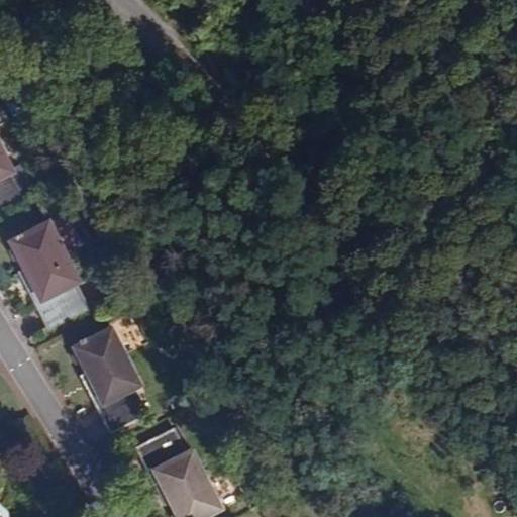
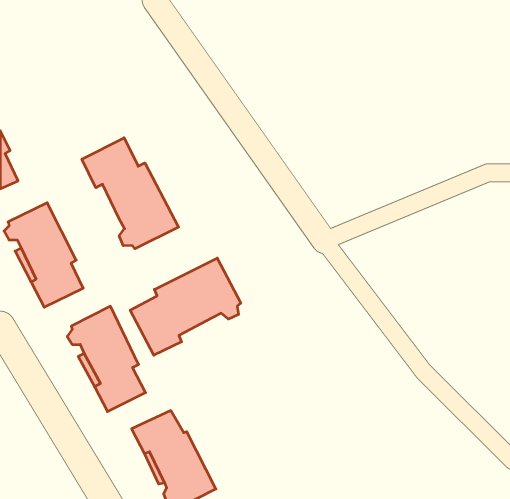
building: none -> [82,138,179,249]
building: none -> [130,258,241,355]

